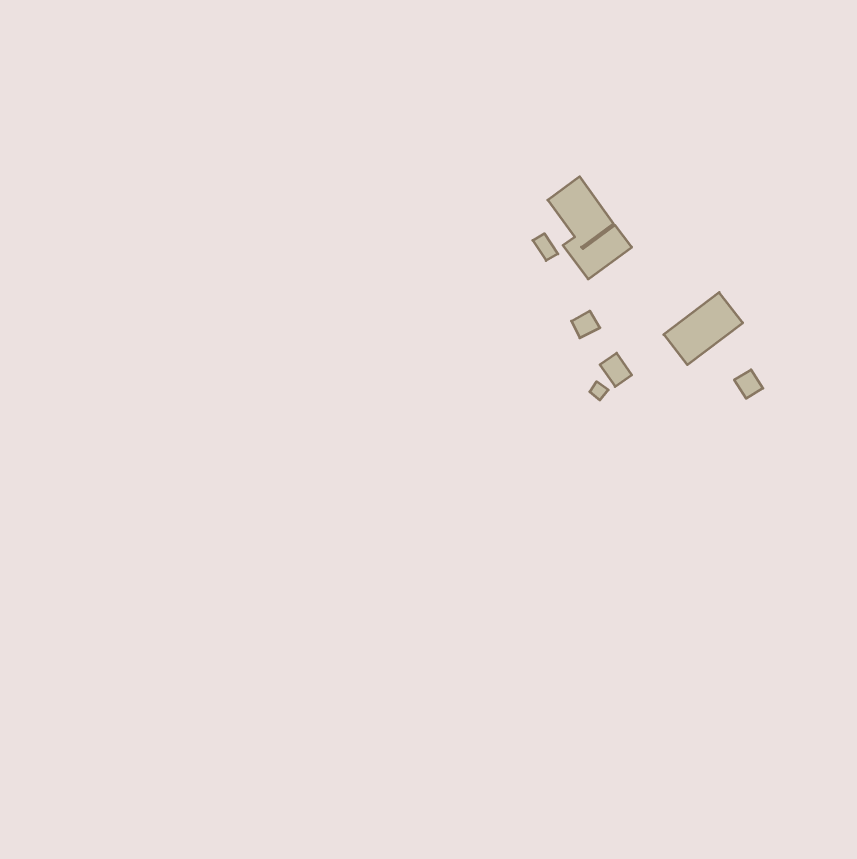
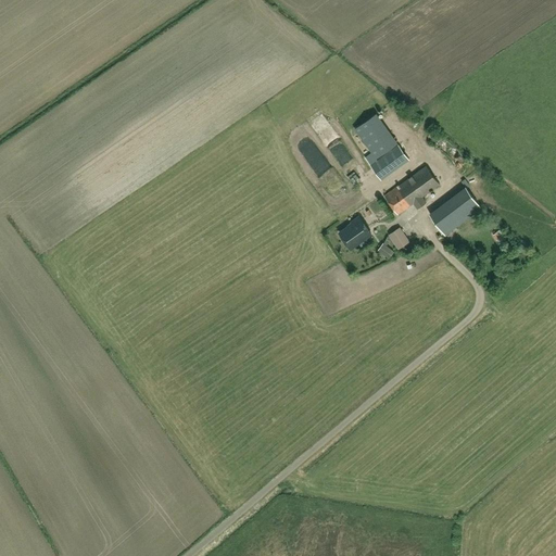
building: none -> [383,166,439,214]
building: none -> [339,217,369,248]

